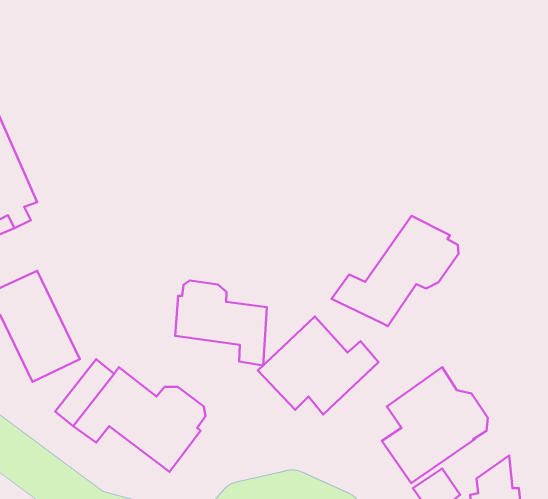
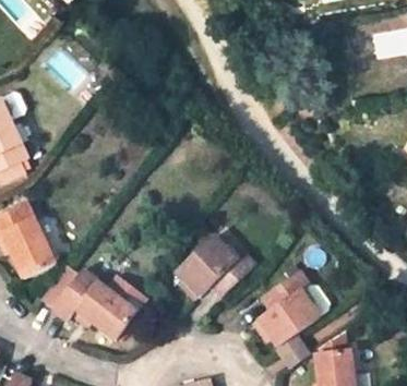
building: [331,216,458,326] -> none
building: [175,280,267,365] -> none

